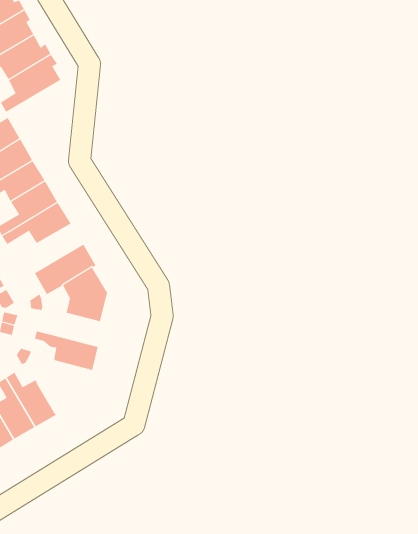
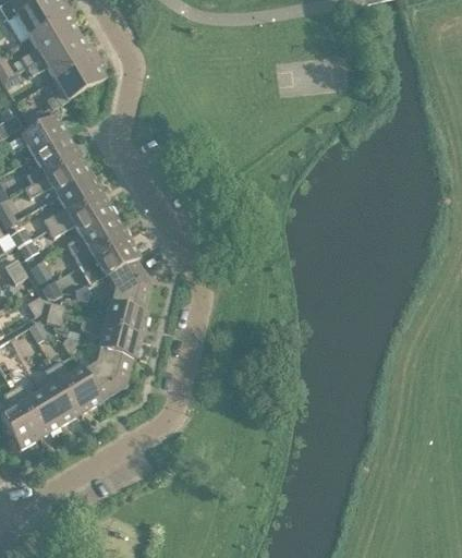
building: none -> [66,216,126,264]
building: none -> [102,301,146,335]
building: none -> [82,348,131,399]

